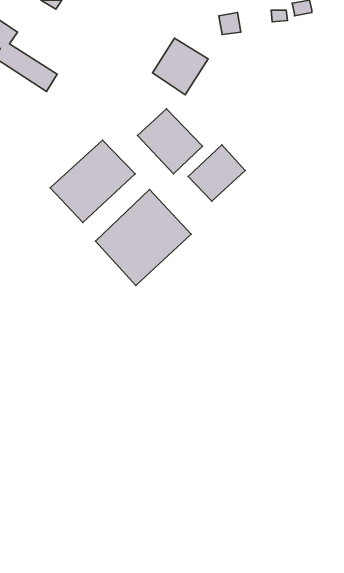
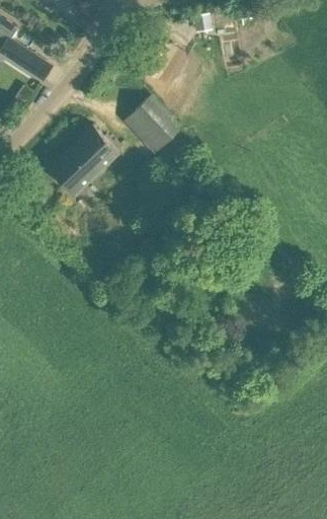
building: [188,145,245,201] -> none
building: [95,189,191,286] -> none

